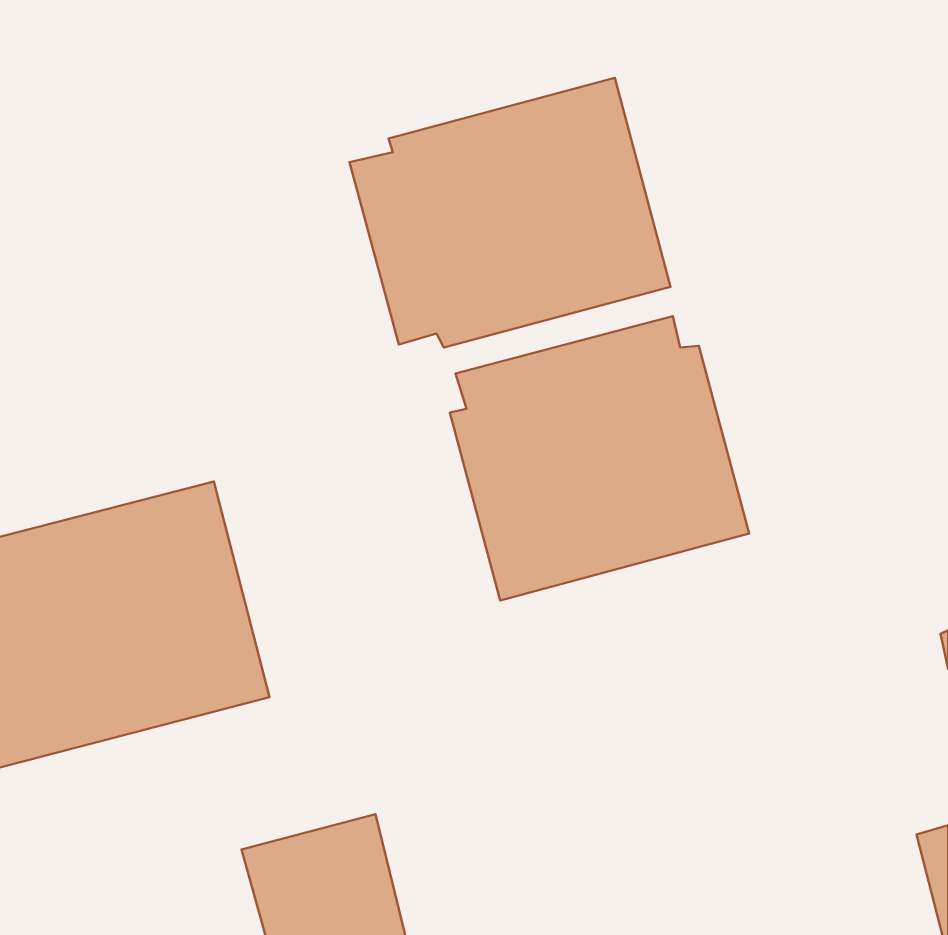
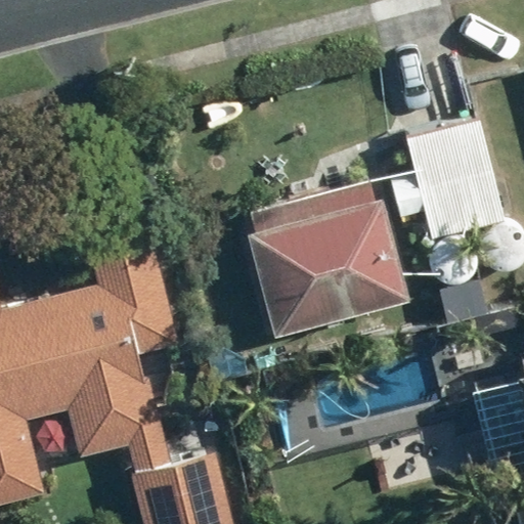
building: [349,78,670,348] -> none
building: none -> [394,120,506,237]

